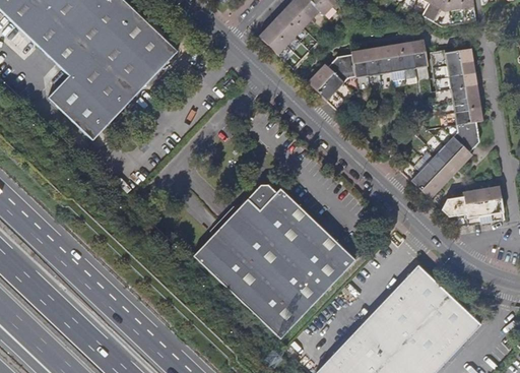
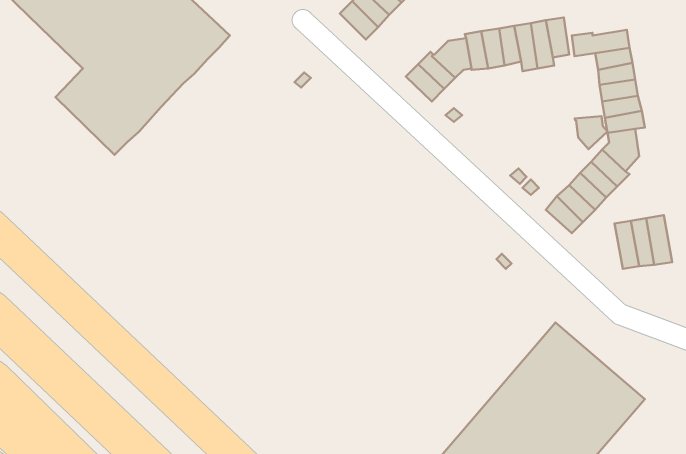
building: none -> [575,116,607,149]
building: [193,186,354,337] -> none
building: [440,195,467,226] -> none

